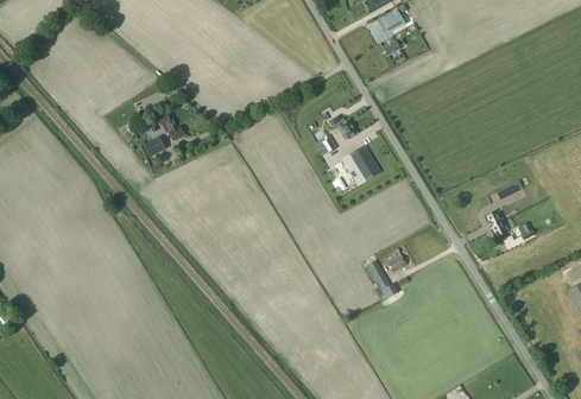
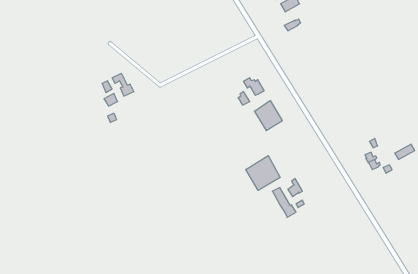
building: none -> [246,156,280,190]

